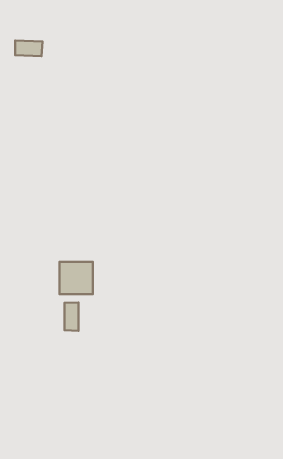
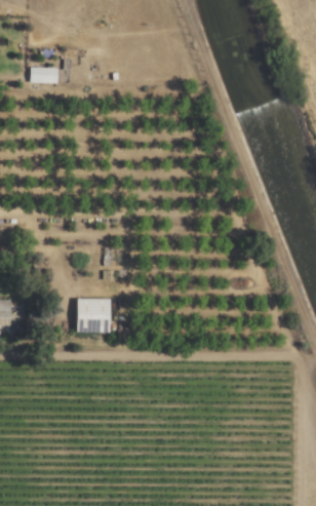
building: [65,302,79,331] -> none

